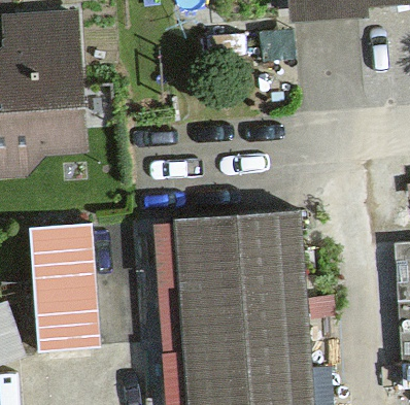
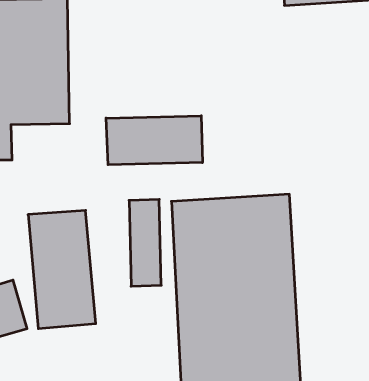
building: none -> [106,116,202,165]

